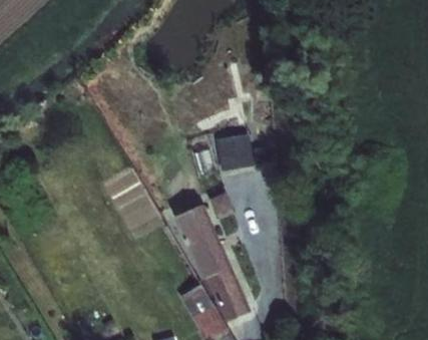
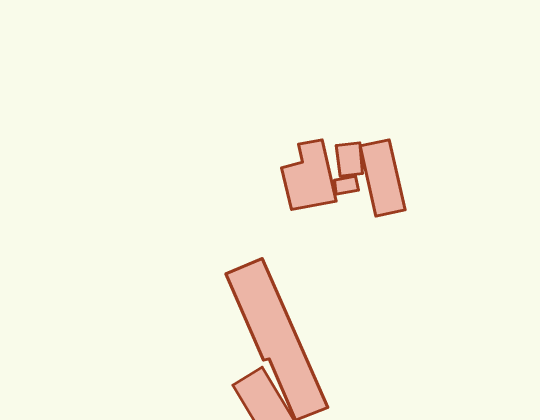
building: none -> [360,140,405,216]

